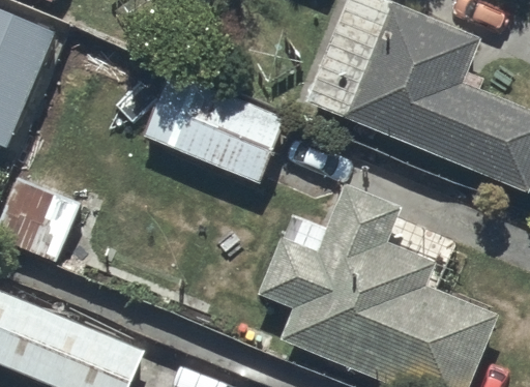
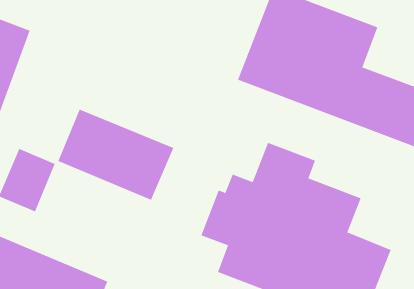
building: [144,71,289,185] -> [57,109,174,200]

